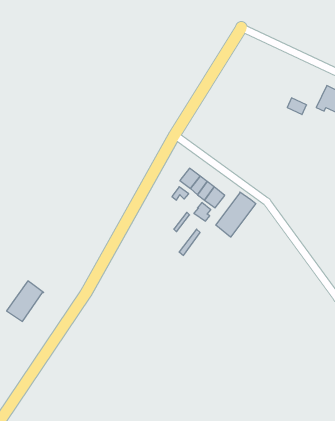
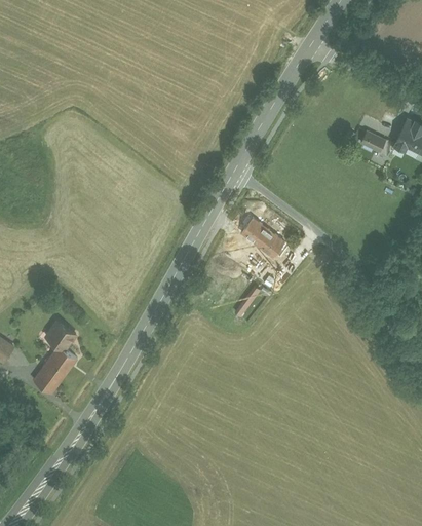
building: [216,192,256,237] -> none
building: none -> [45,321,75,349]

